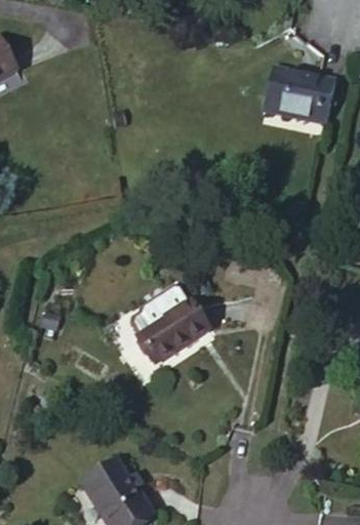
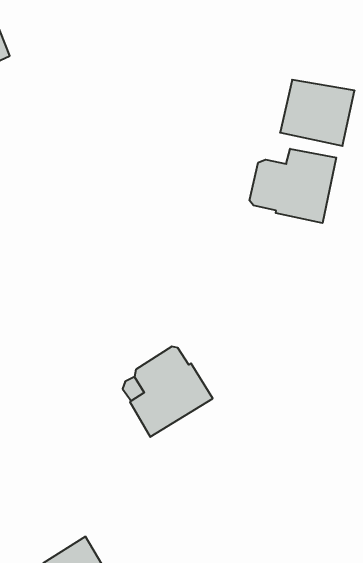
building: none -> [250,149,336,223]

